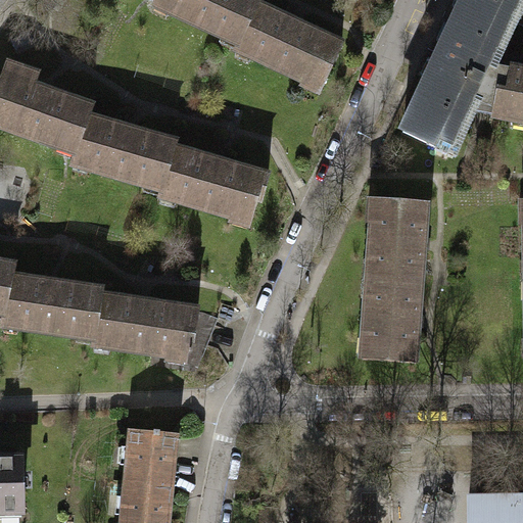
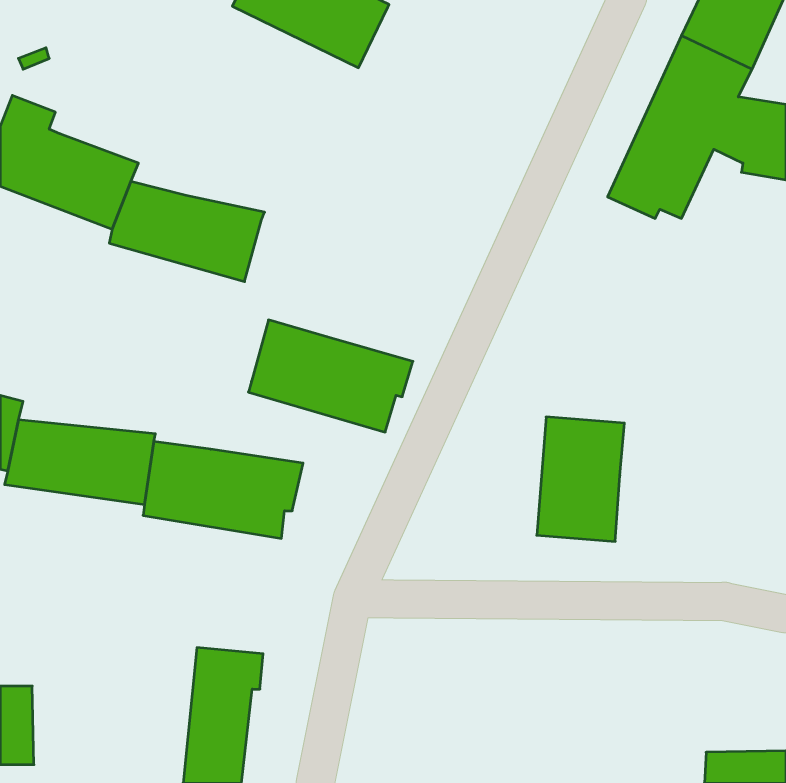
building: [236,5,342,90] -> none
building: [160,146,270,221] -> [248,320,413,432]
building: [363,199,422,281] -> none

